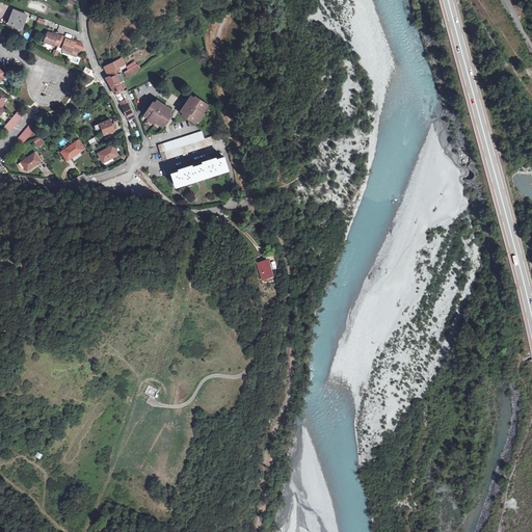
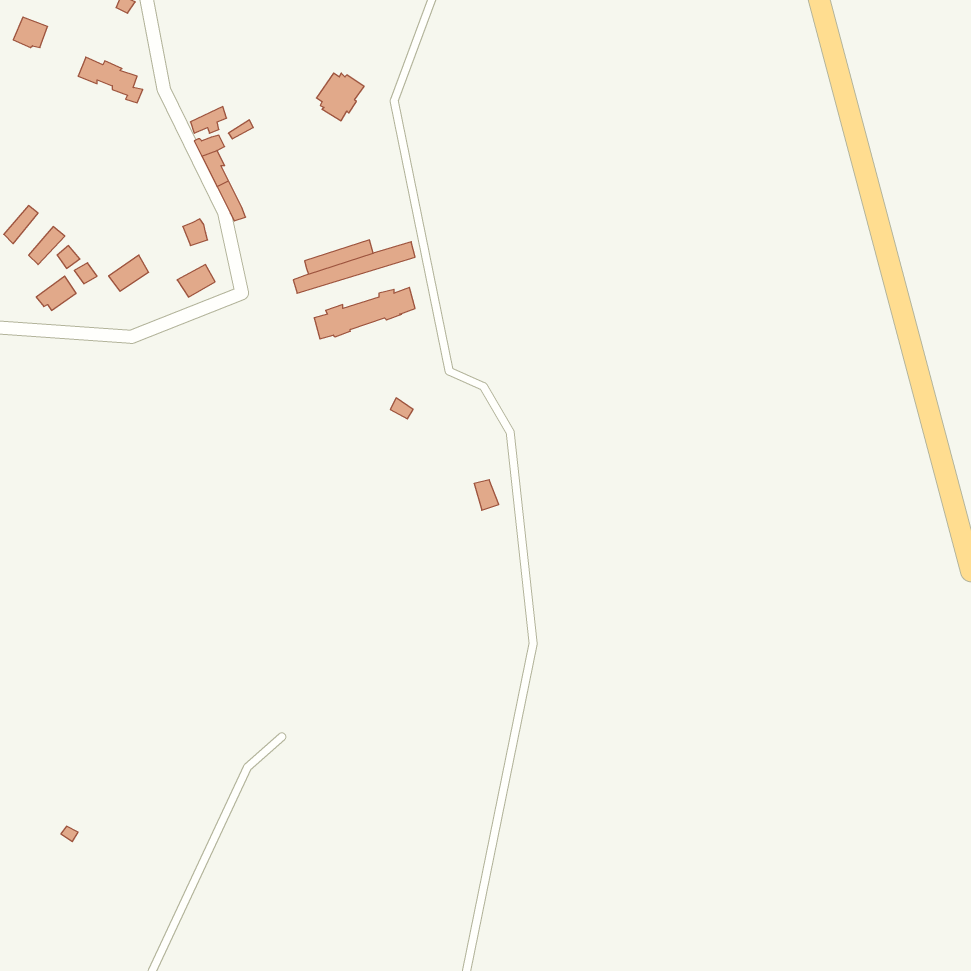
building: [181,97,207,123] -> [316,73,364,121]
building: [145,100,171,126] -> none

